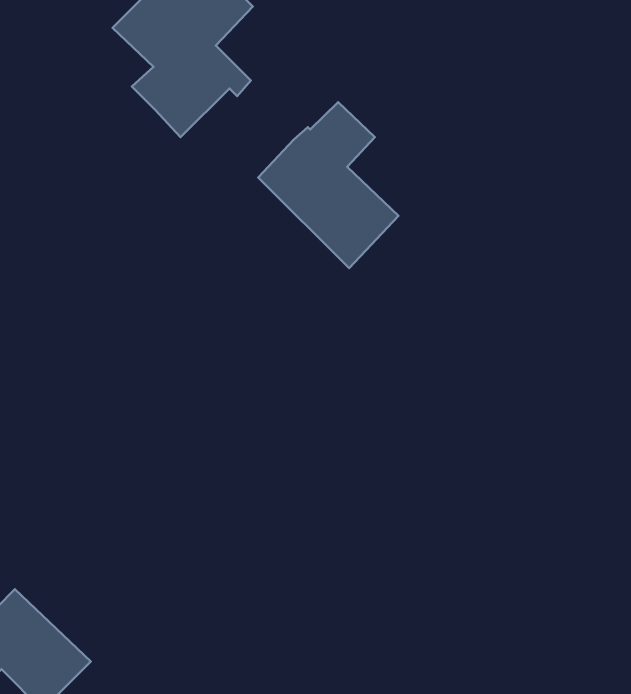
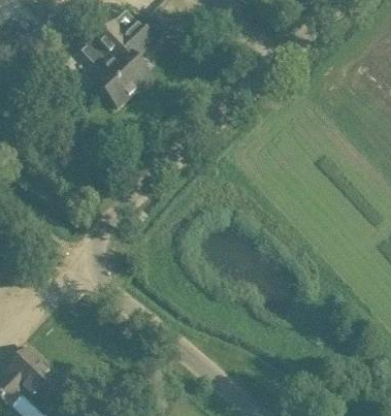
building: [258,102,399,268] -> none

